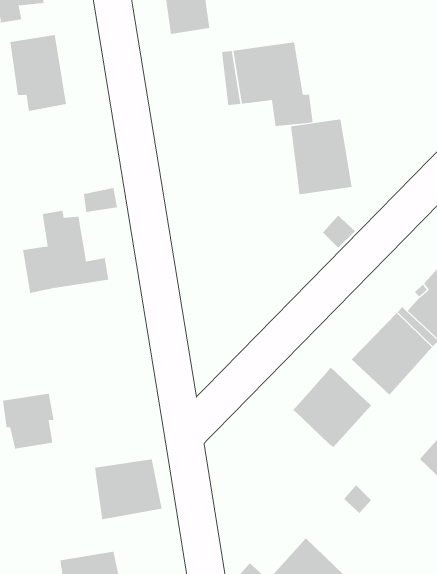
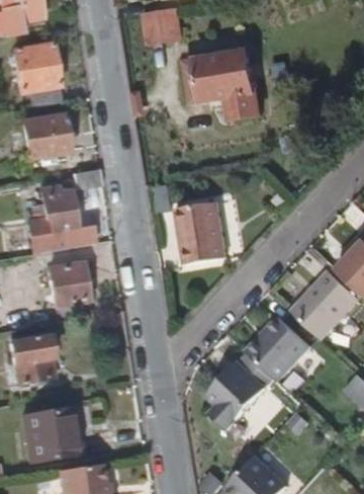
building: [290,119,352,195] -> [179,198,230,260]
building: none -> [24,113,71,163]
building: none -> [47,263,88,322]
building: none -> [204,350,274,429]
building: [94,459,163,520] -> [24,413,80,463]

